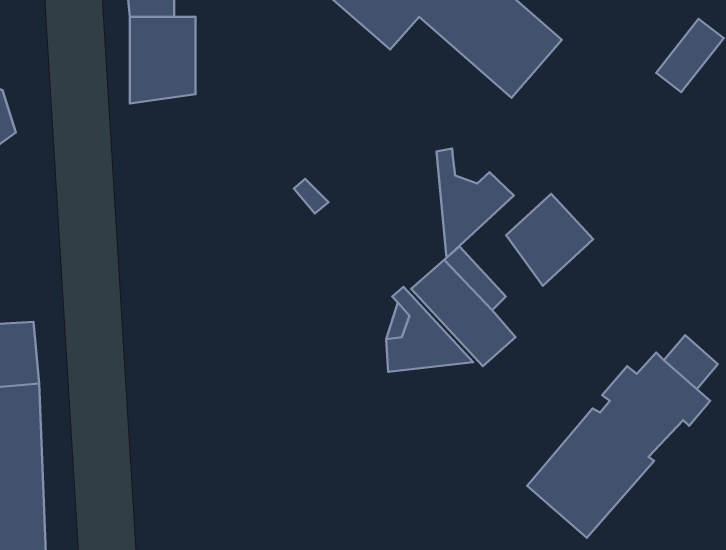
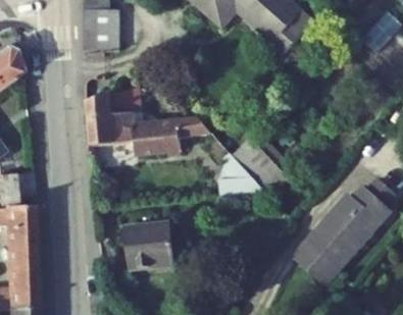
building: [437,149,514,258] -> none
building: none -> [85,86,211,155]
building: [506,194,593,286] -> none
building: none -> [122,222,173,269]

